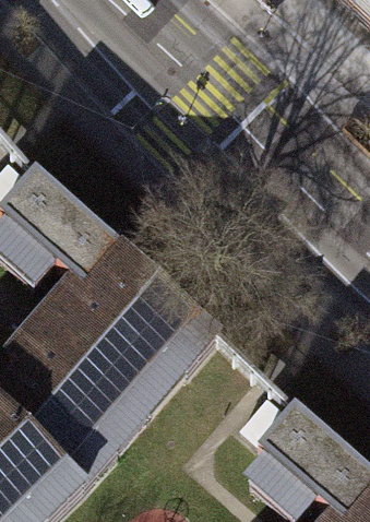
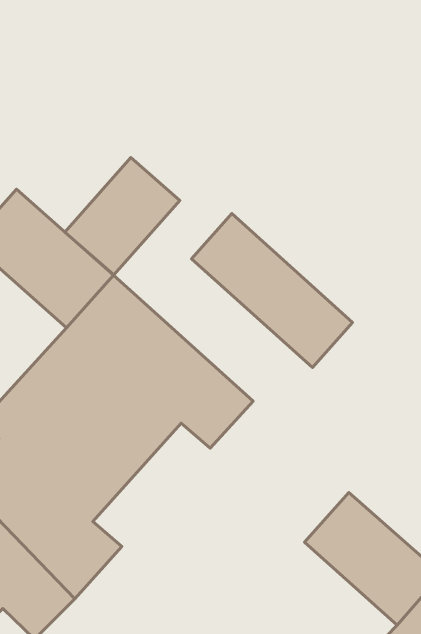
building: none -> [65,158,180,275]
building: none -> [192,214,352,368]

